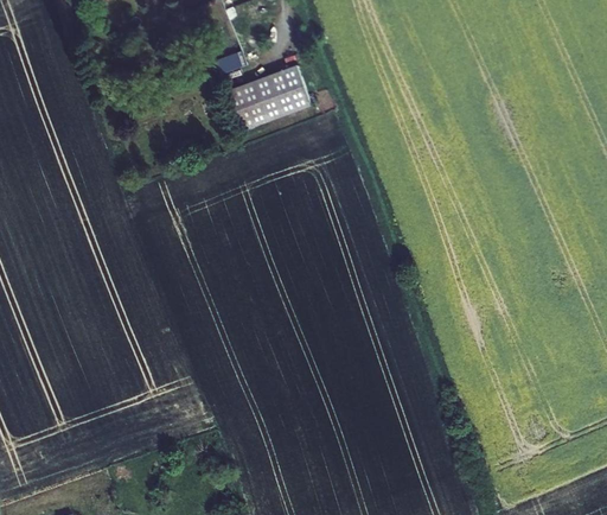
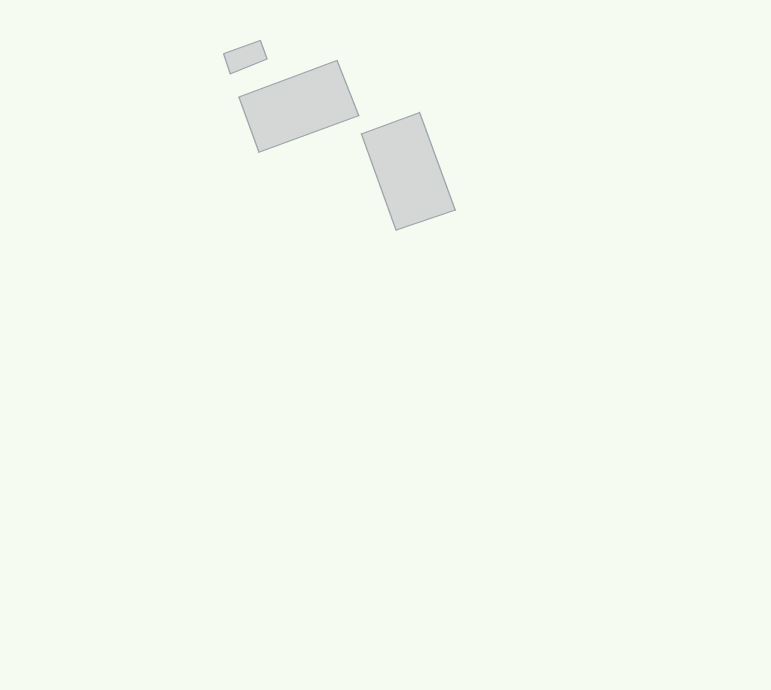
building: none -> [361,112,455,230]

